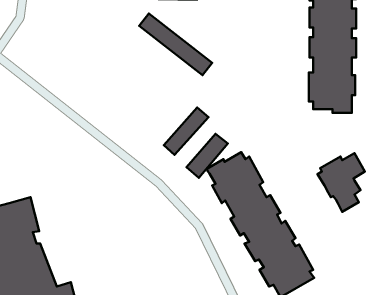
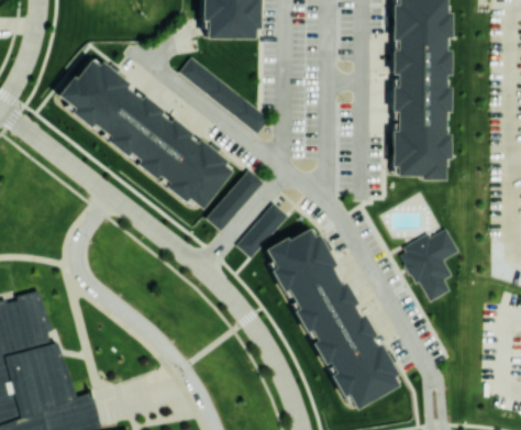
building: none -> [55,58,231,208]

